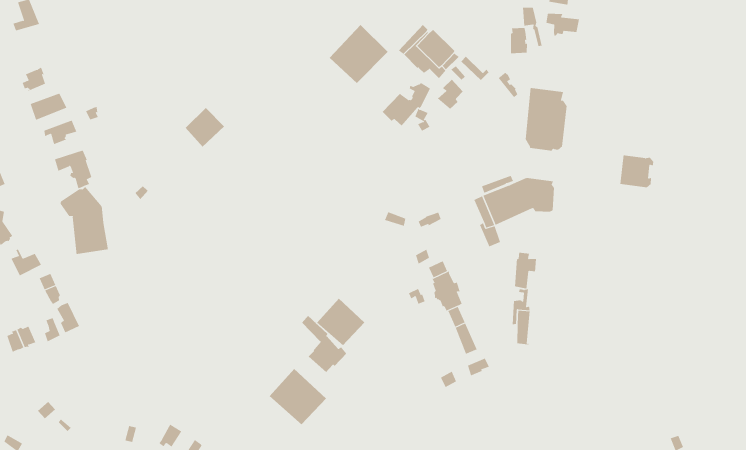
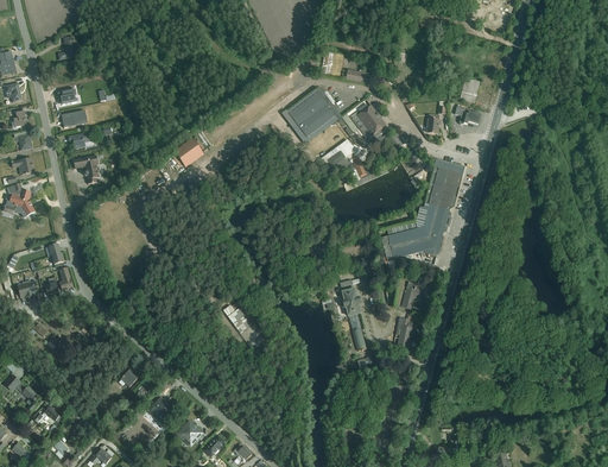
building: [619,155,654,188] -> [423,204,451,232]
building: [60,186,108,255] -> none
building: [316,298,365,346] -> none
building: [269,368,327,425] -> none

